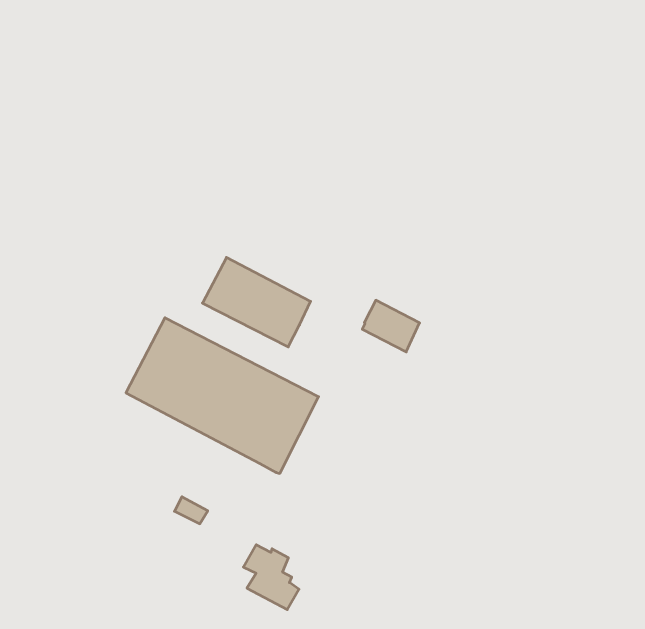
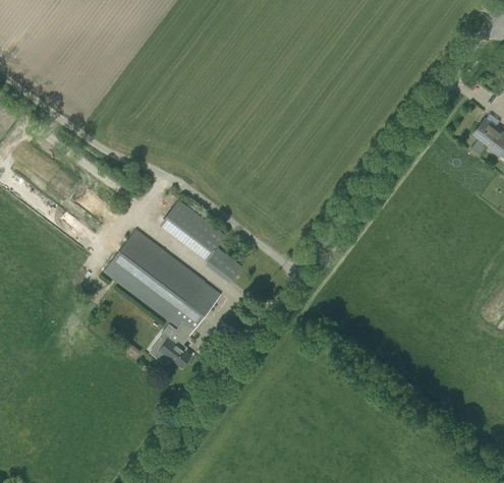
building: [362,300,420,352] -> [207,248,242,283]
building: [243,545,299,610] -> [160,324,191,367]

